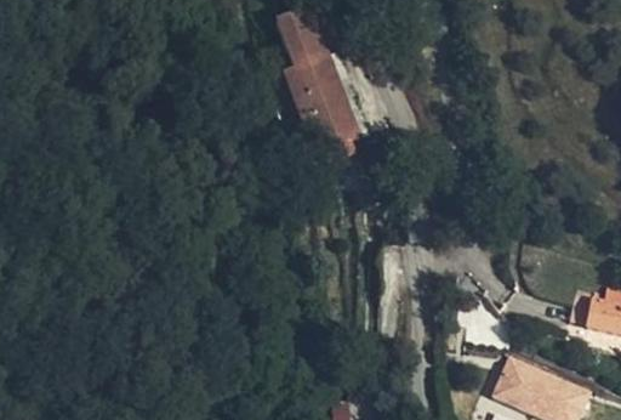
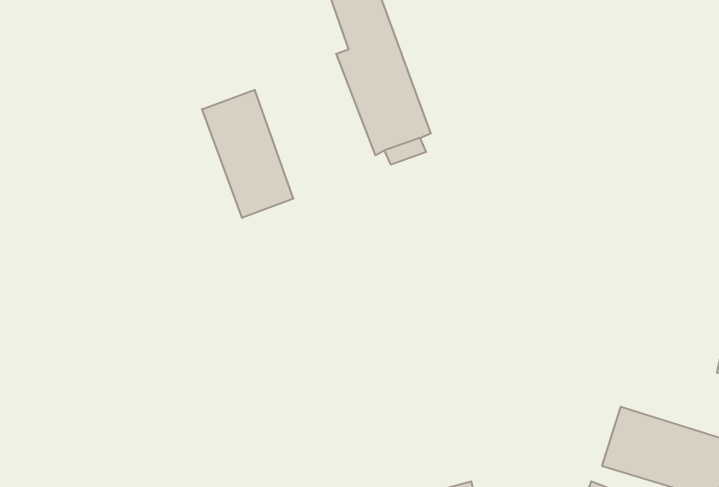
building: none -> [202,90,293,218]

